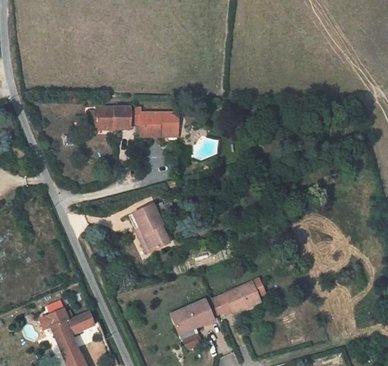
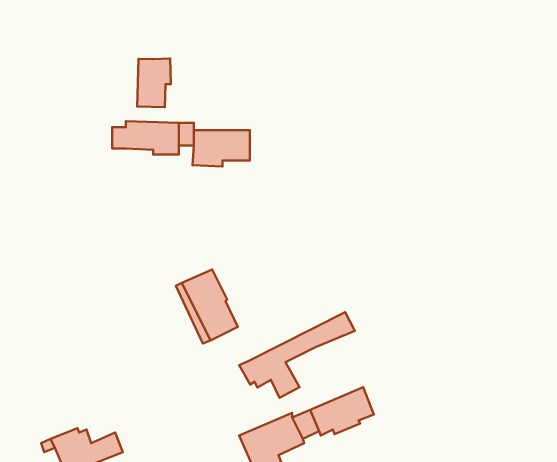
building: none -> [137,58,171,107]
building: none -> [239,312,355,398]

